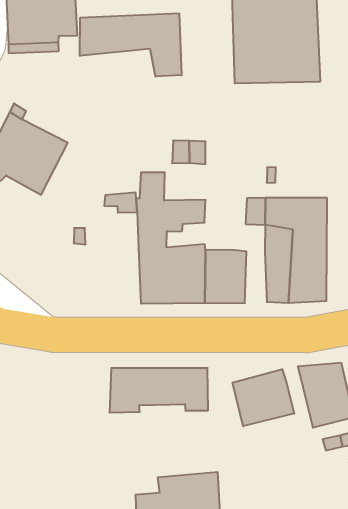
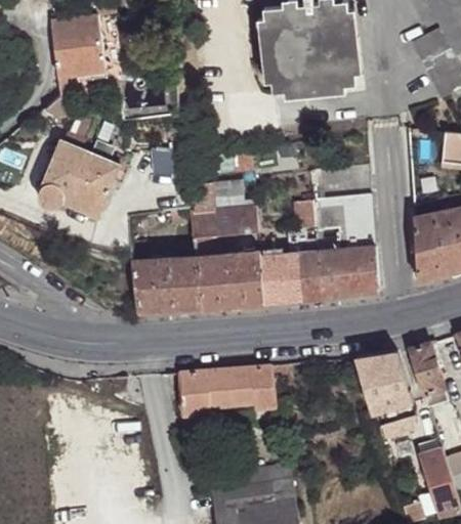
building: [80,13,182,77] -> none
building: none -> [133,259,203,314]
building: none -> [298,252,322,302]
building: [233,369,294,426] -> none

